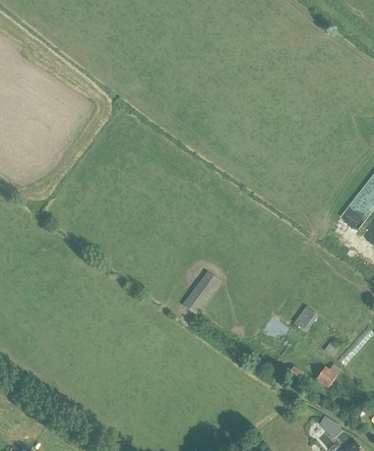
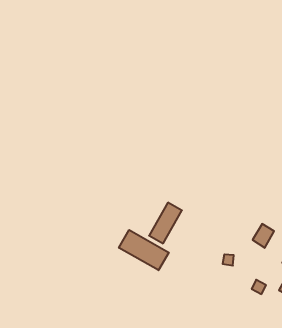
building: none -> [119,230,169,270]

